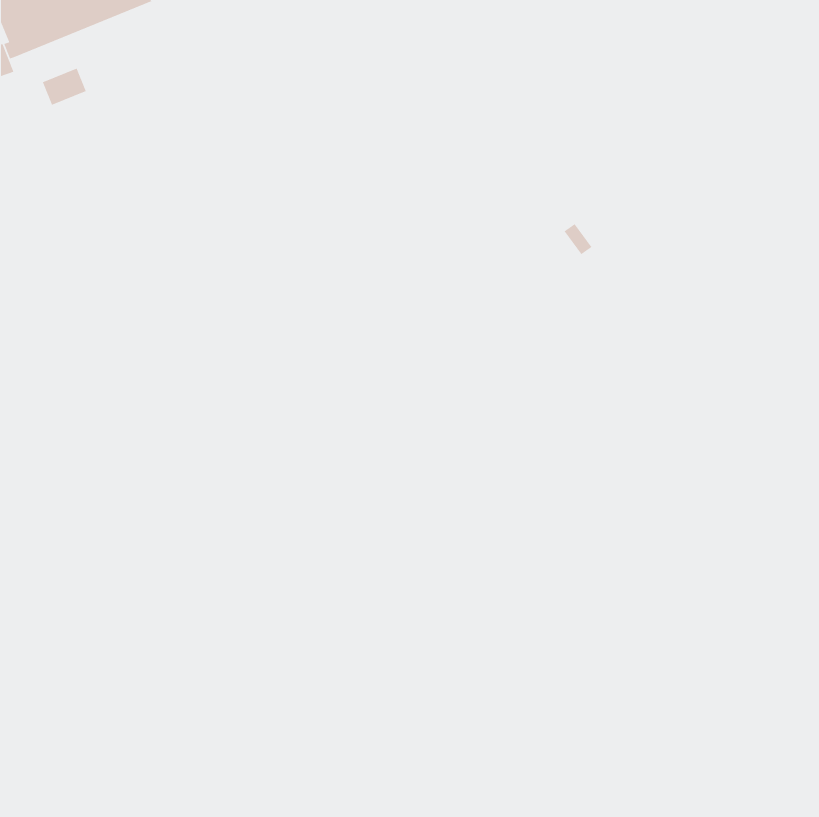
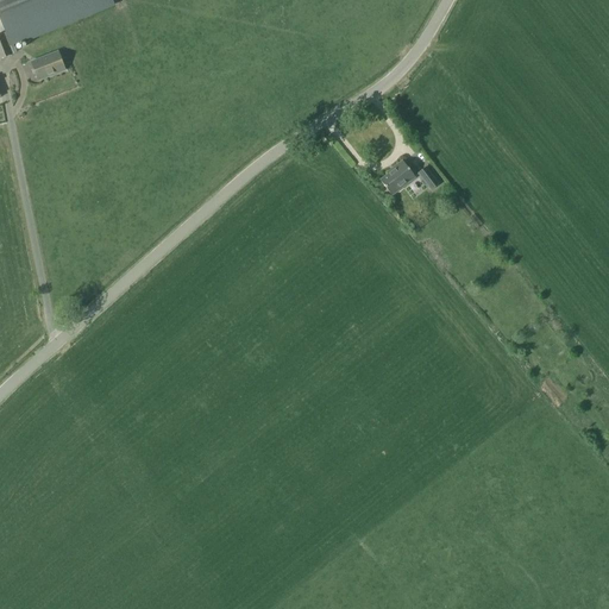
building: none -> [381,159,416,194]

